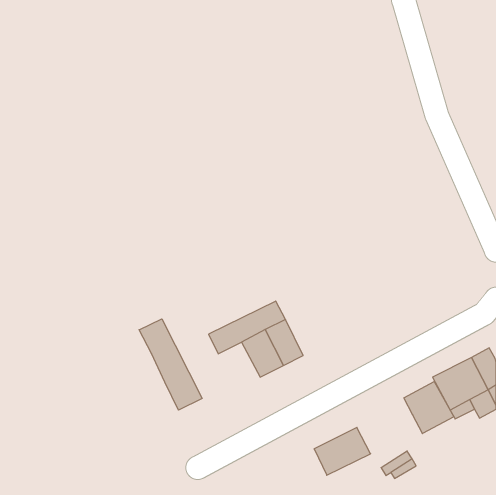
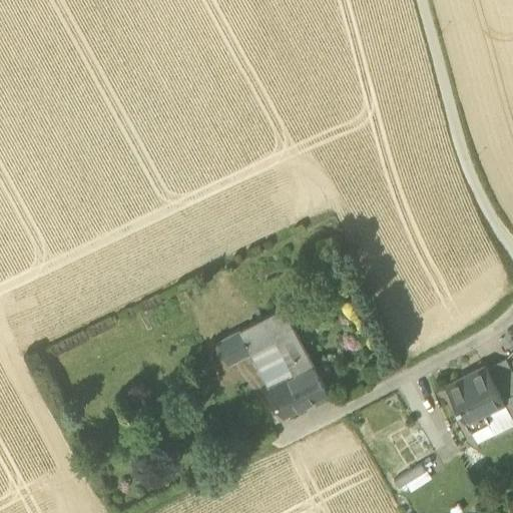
building: [139,319,202,410] -> none
building: [404,382,454,434] -> none
building: [314,427,371,475] -> [268,369,326,418]

